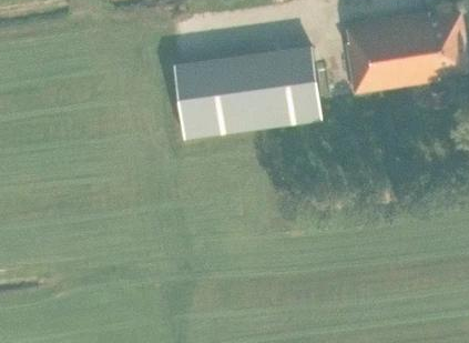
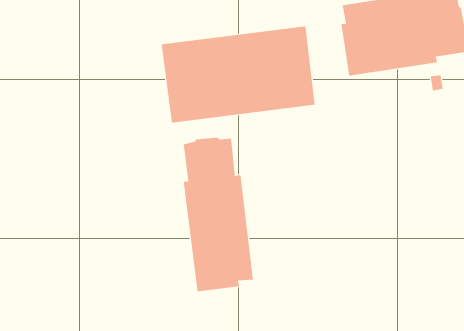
building: none -> [183,137,253,292]

